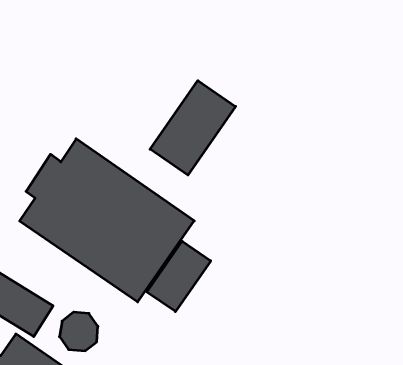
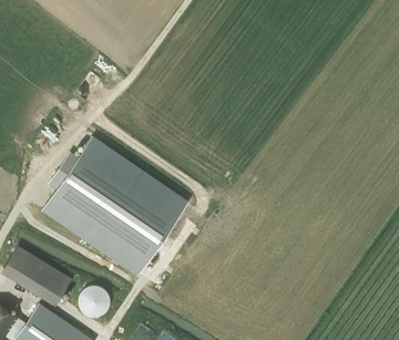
building: [150,81,236,175] -> none
building: [147,241,211,312] -> none

